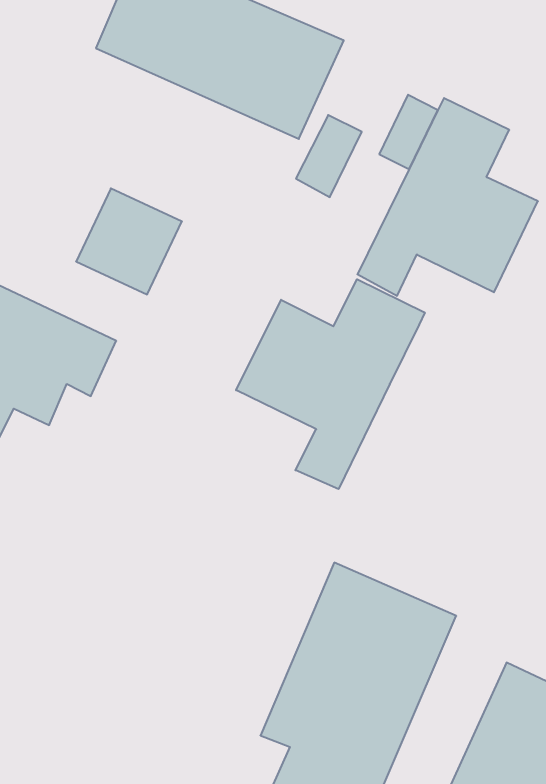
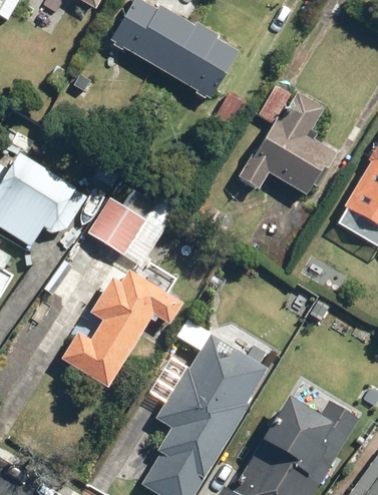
building: [76,188,182,294] -> [87,196,146,256]
building: [236,279,425,489] -> none
building: none -> [59,270,183,389]

